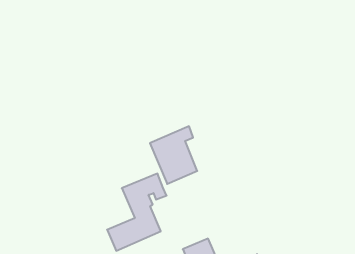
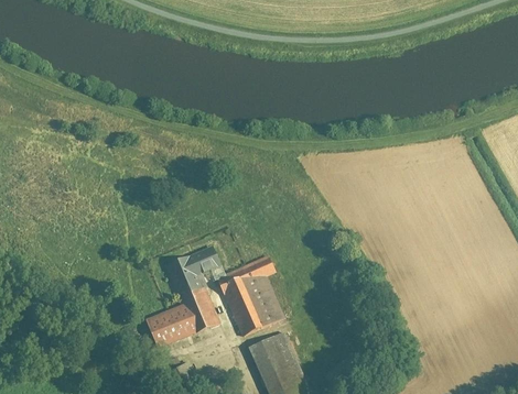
building: [150,126,197,184] -> [219,256,283,335]

